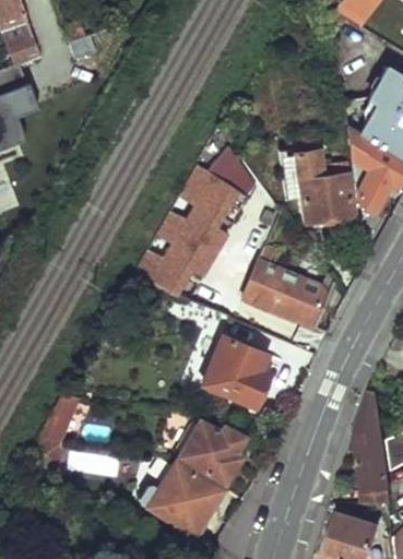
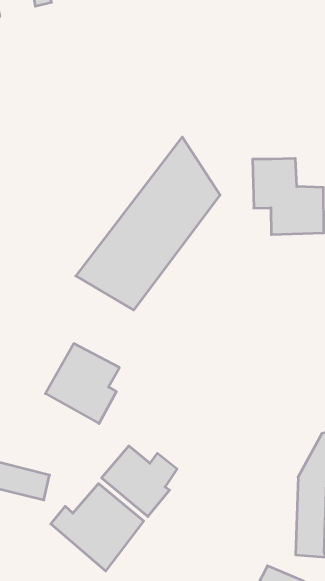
building: [244,250,327,328] -> none
building: [204,337,268,406] -> [45,344,119,424]

